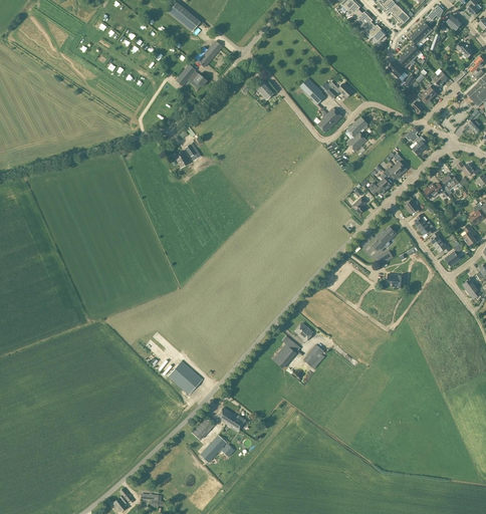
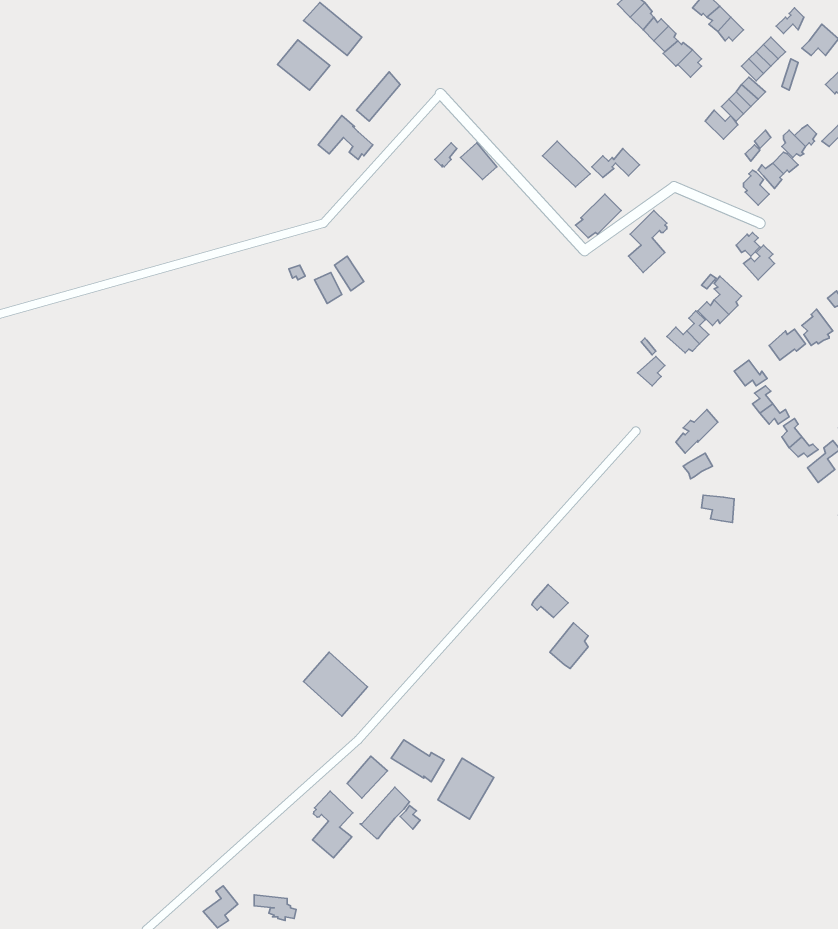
building: none -> [277,40,330,90]
building: [272,335,300,368] -> none
building: none -> [438,758,494,819]
building: none -> [312,791,353,858]

